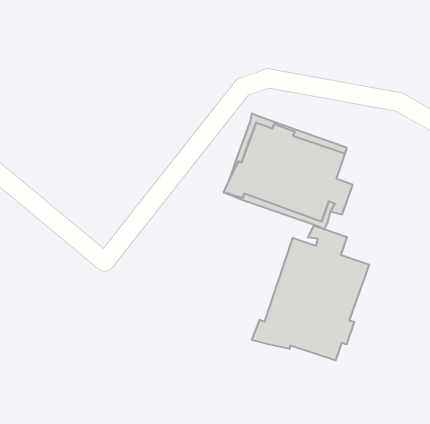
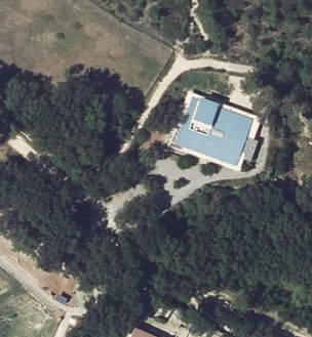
building: [252,225,369,360] -> none

